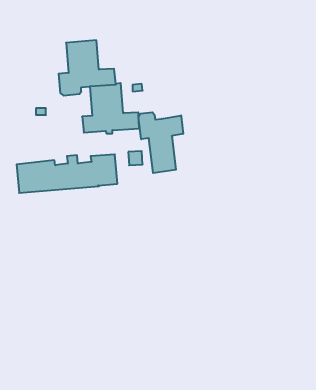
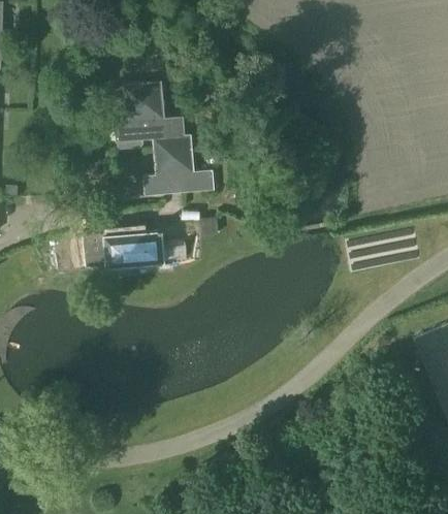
building: [139,112,183,173] -> none

